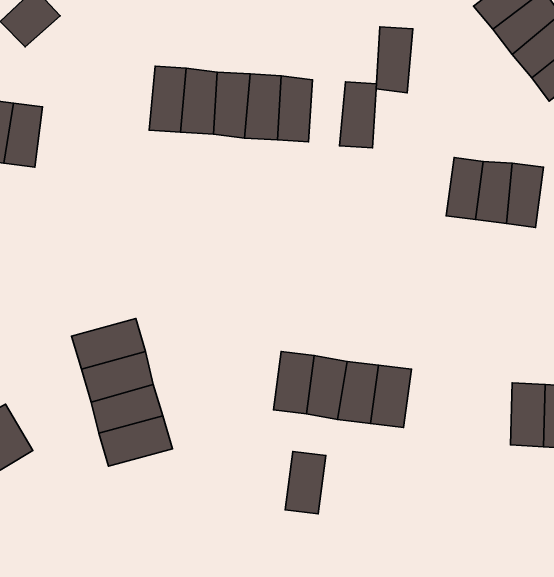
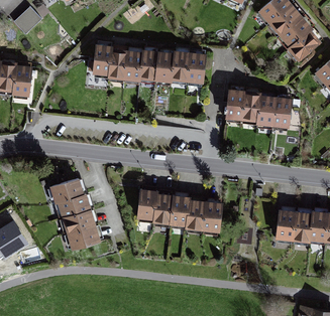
building: [376,27,413,93] -> [172,51,191,86]
building: none -> [228,90,247,122]
building: [285,452,326,514] -> [136,190,157,222]

